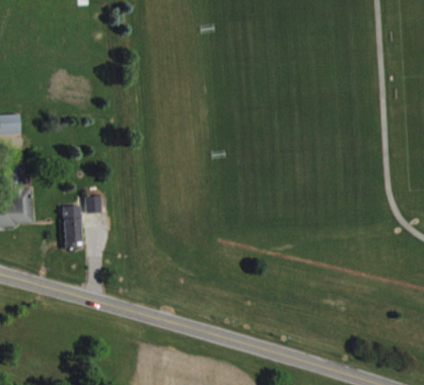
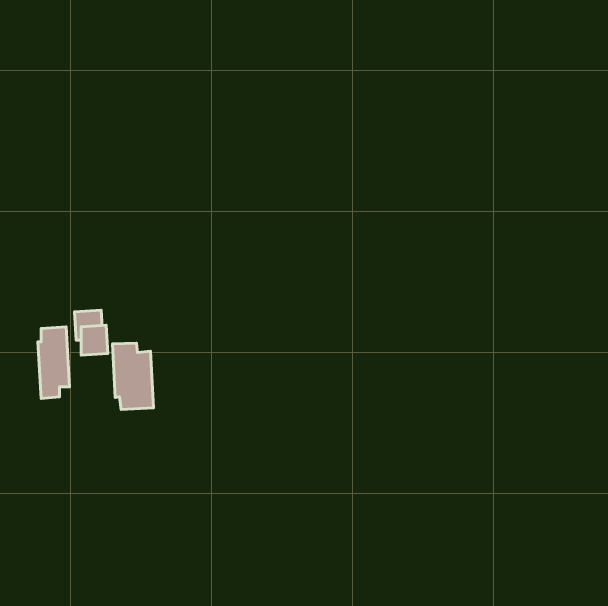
building: none -> [113,343,154,409]

